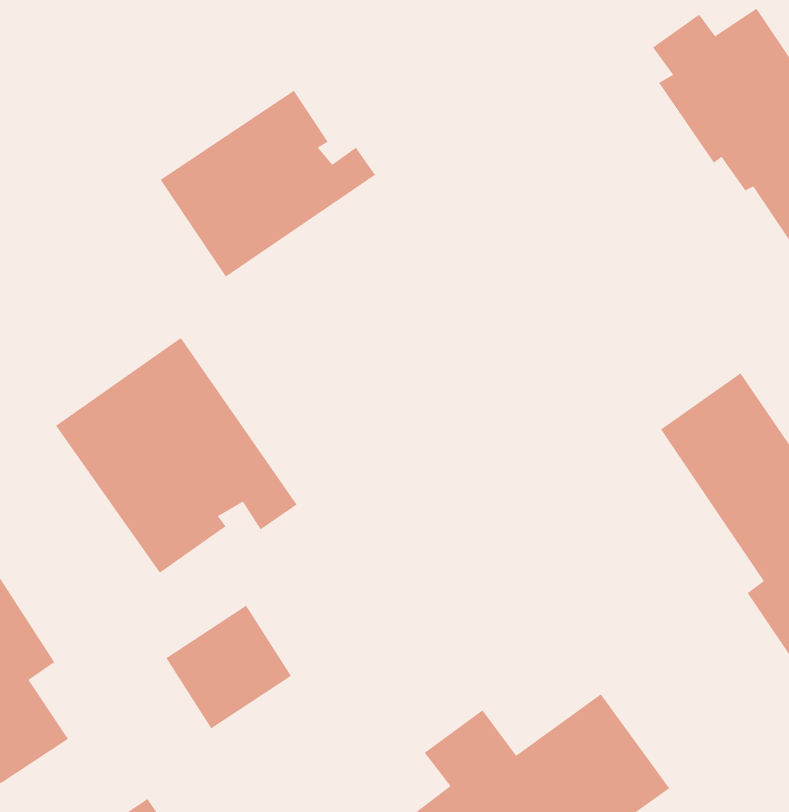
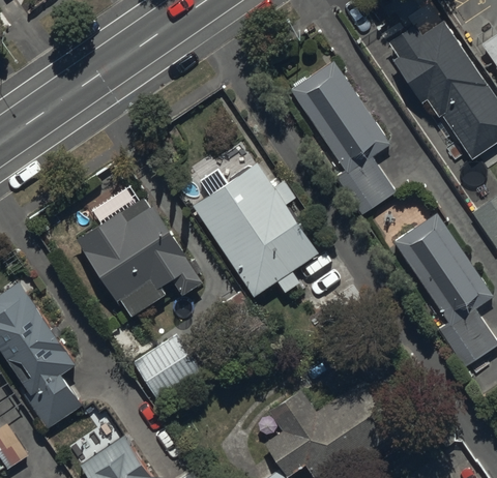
building: none -> [291,61,397,217]
building: [160,90,376,278] -> none
building: none -> [192,160,320,297]

